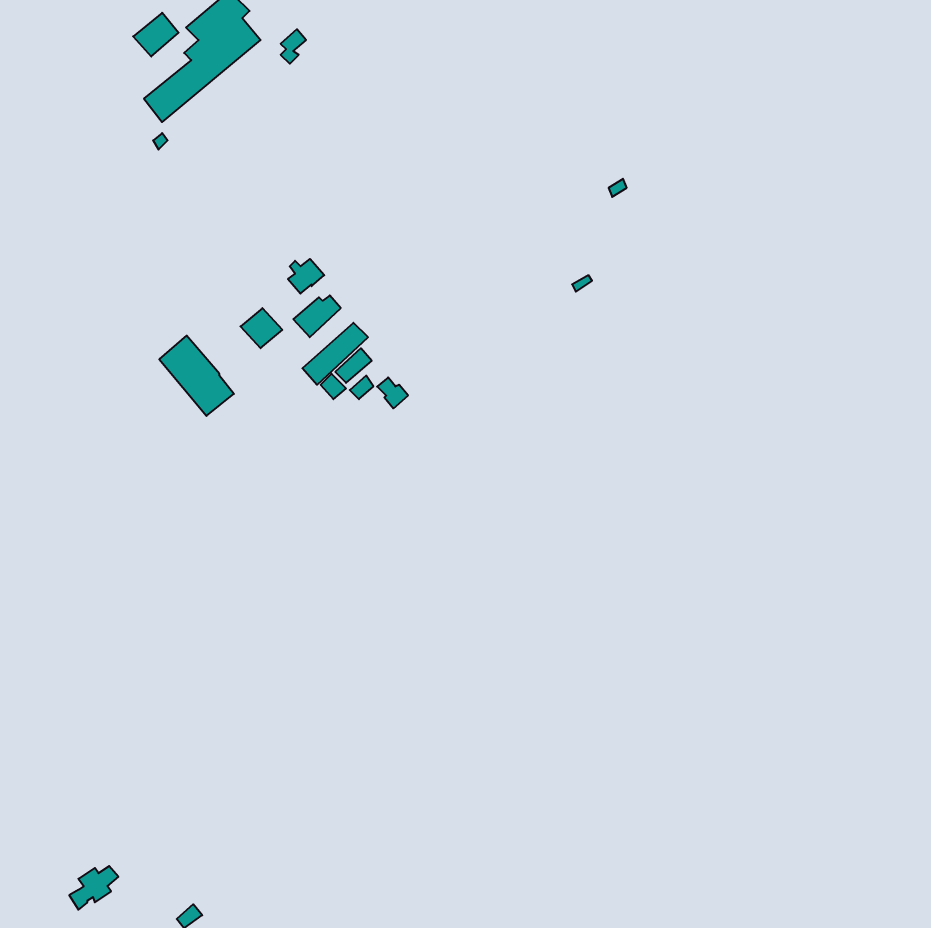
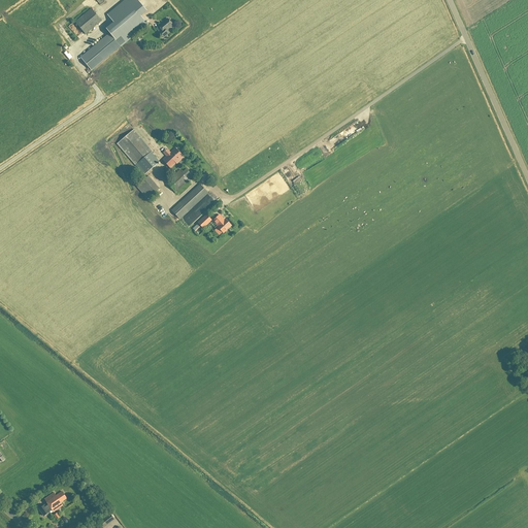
building: [159,336,234,416] -> [118,128,160,173]

